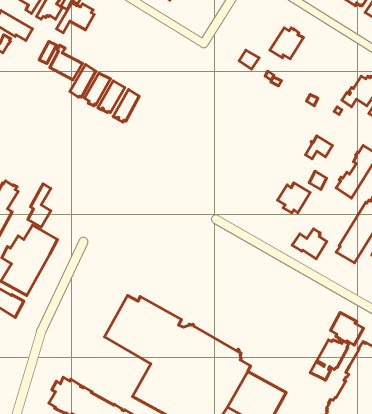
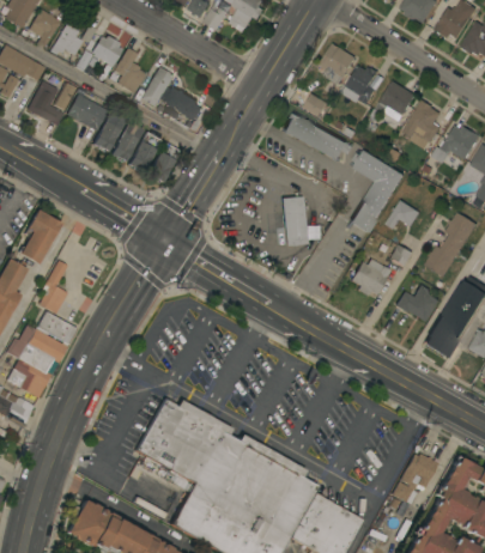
building: none -> [319,43,356,85]
building: none -> [114,48,146,93]
building: none -> [141,67,202,122]
building: none -> [371,80,416,121]
building: none -> [26,81,63,126]
building: none -> [402,99,441,142]
building: none -> [283,113,353,162]
building: none -> [350,151,404,233]
building: none -> [281,196,308,247]
building: none -> [18,209,62,265]
building: [292,229,327,259] -> [395,285,438,322]
building: [331,312,363,345] -> none

